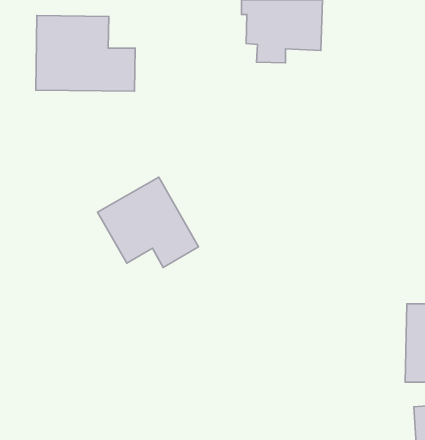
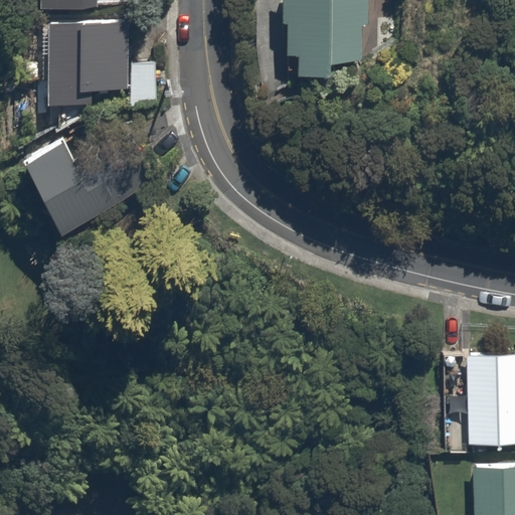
building: none -> [17,114,140,231]
building: [98,177,198,267] -> none

